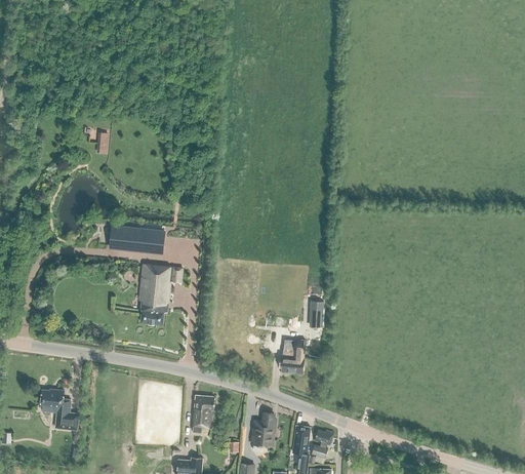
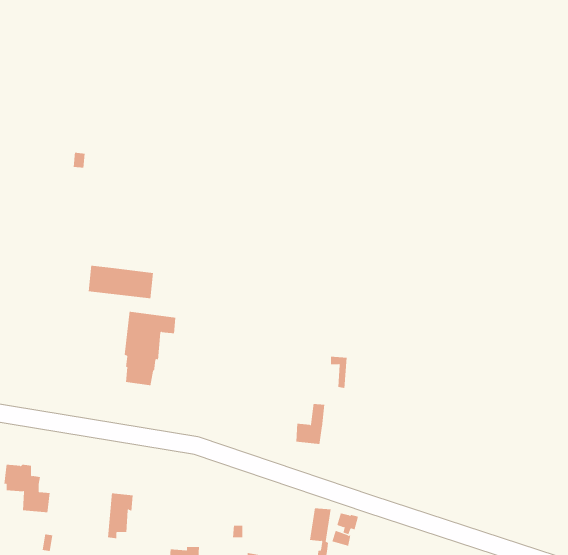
building: [192,394,213,432] -> [107,493,133,539]
building: [250,411,275,445] -> none

